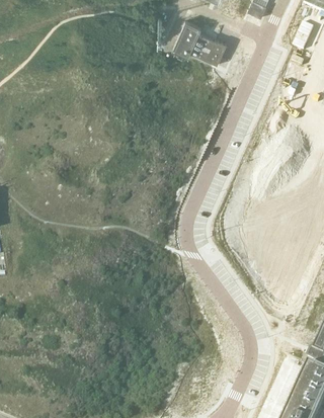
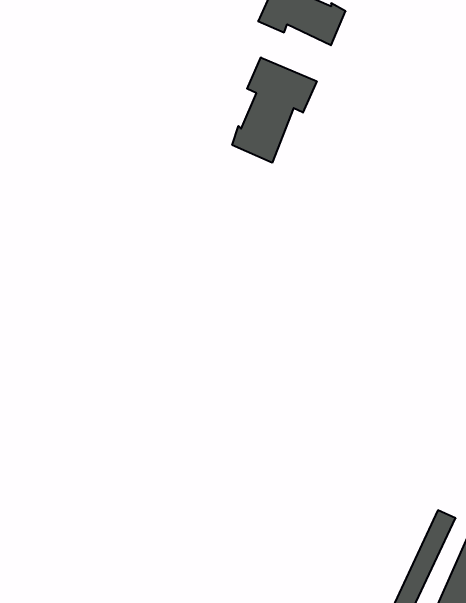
building: none -> [232,57,317,163]

